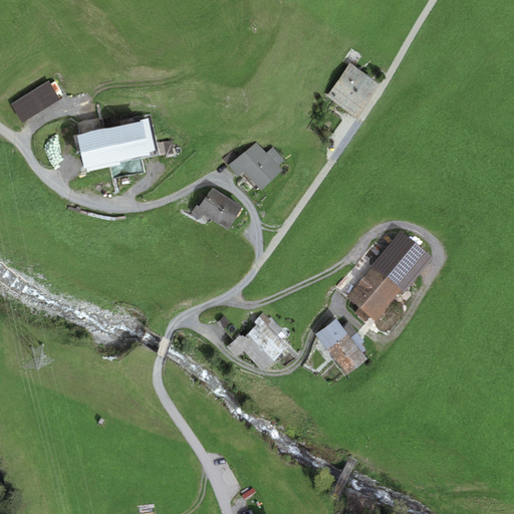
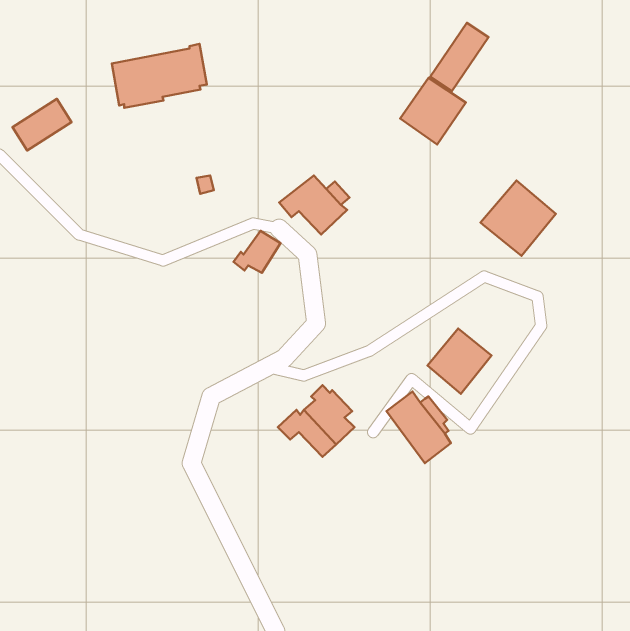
building: none -> [430,23,488,91]
building: [76,118,154,171] -> [112,44,207,108]
building: [213,198,242,231] -> none
building: [370,231,432,292] -> [481,180,556,256]

